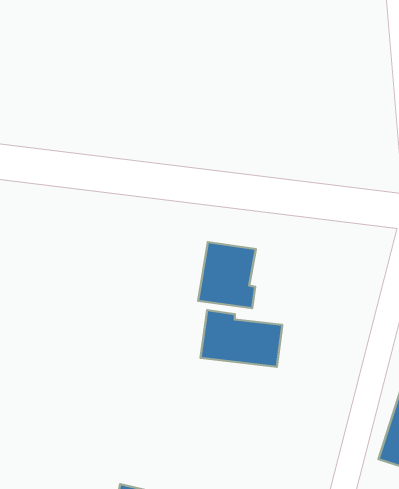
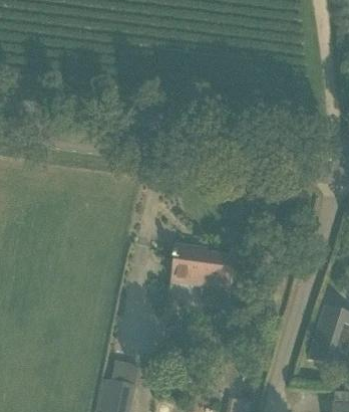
building: [198,242,256,308] -> none

